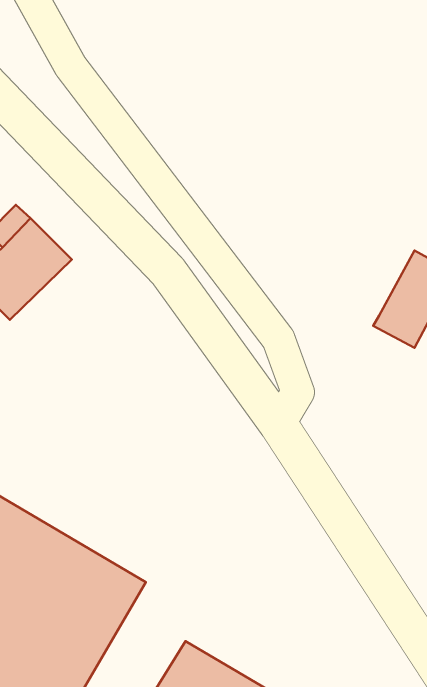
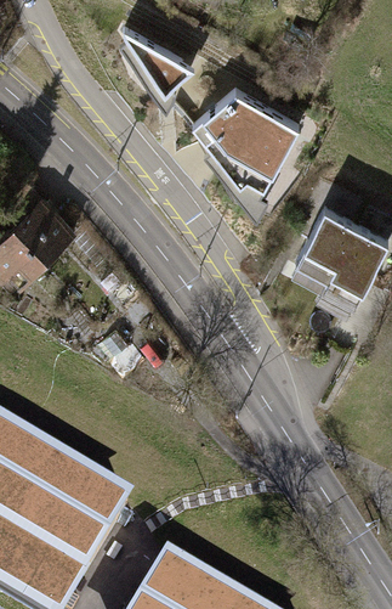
building: none -> [124,27,193,91]
building: none -> [194,90,300,186]
building: none -> [294,205,354,276]

